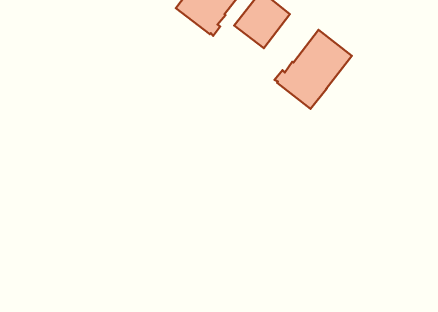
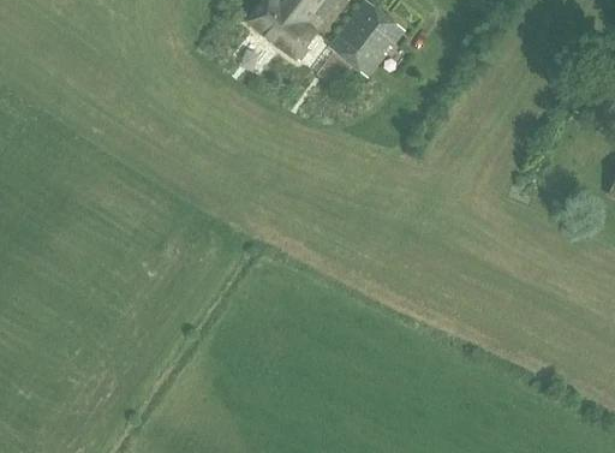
building: [275,30,352,109] -> none

